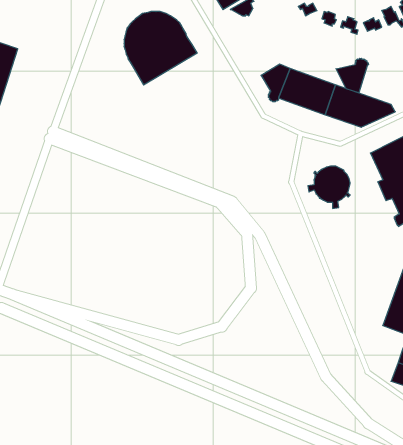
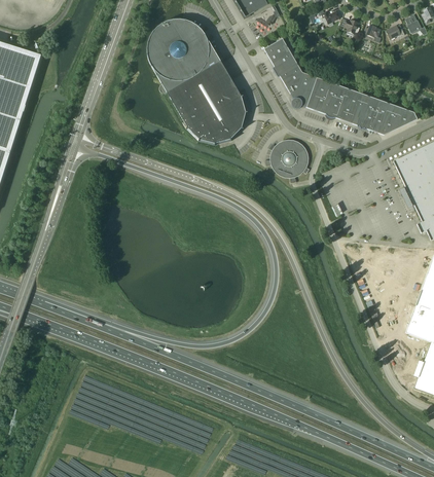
building: none -> [264,37,302,82]
building: none -> [167,60,246,142]
building: [336,58,368,93] -> none
building: [308,166,350,208] -> [265,140,308,182]

